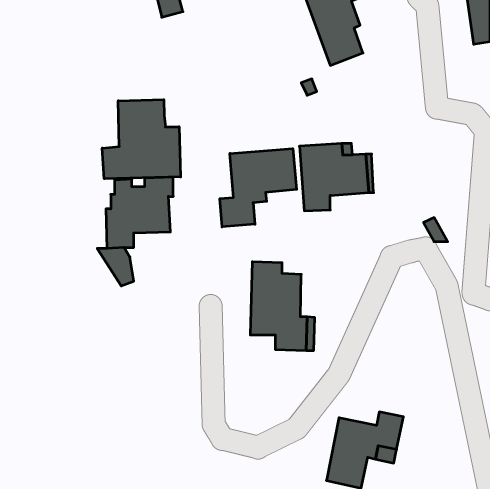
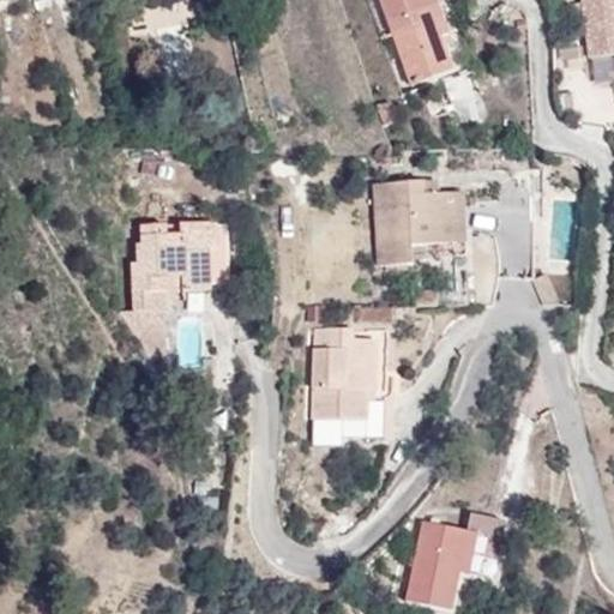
building: [102,100,181,179] -> none
building: [220,149,297,227] -> none

